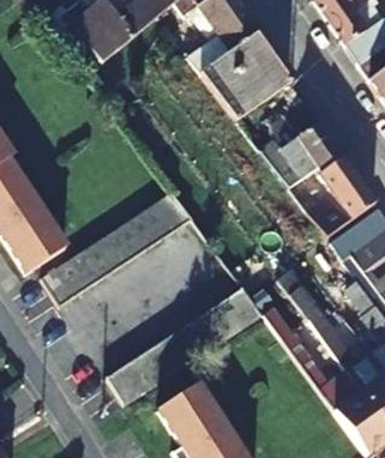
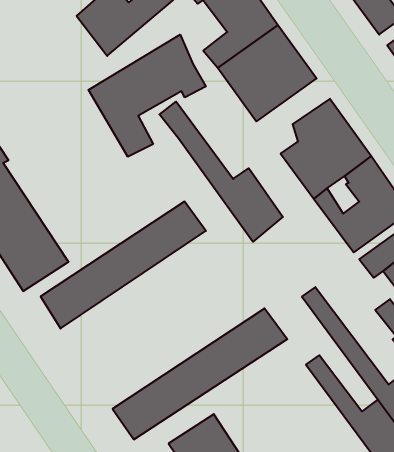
building: none -> [88,35,206,157]
building: none -> [159,102,283,242]

